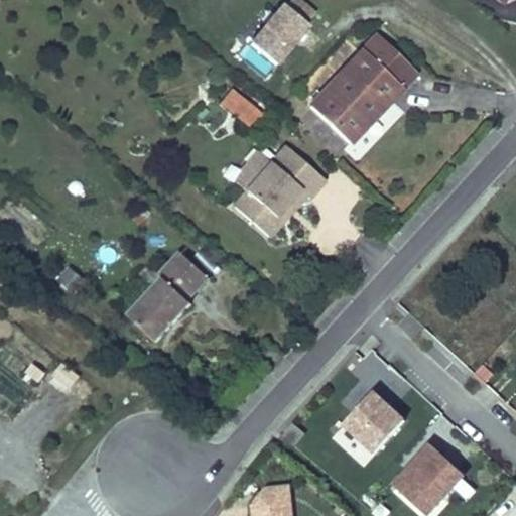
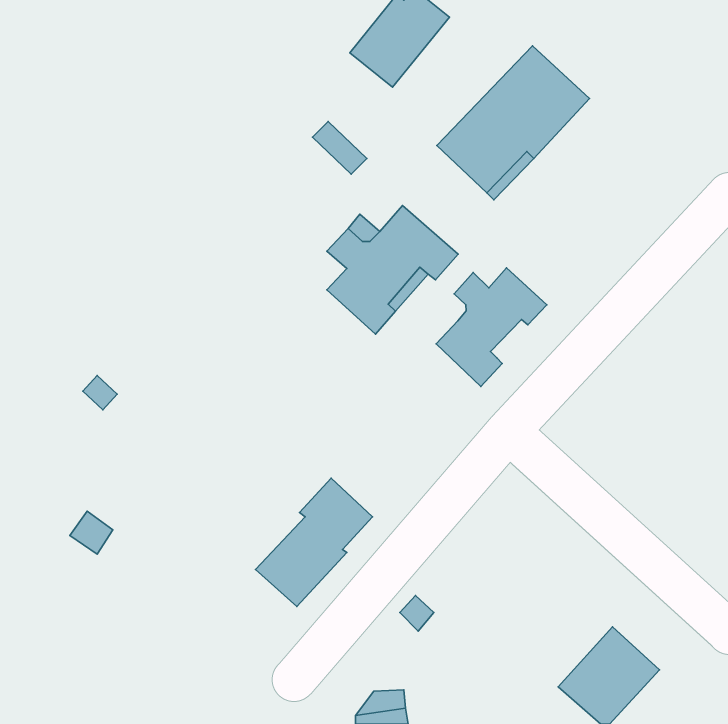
building: none -> [436,268,547,386]
building: [127,250,210,341] -> [255,478,372,607]
building: [344,393,407,457] -> none

